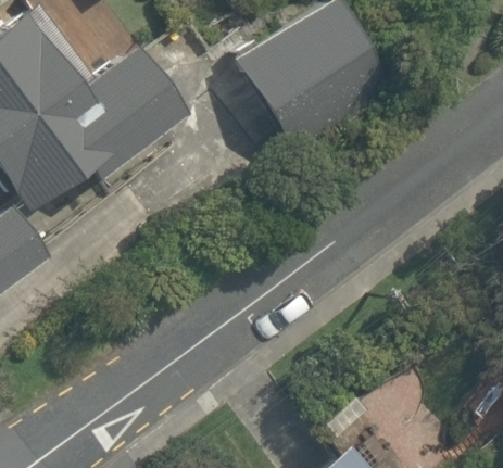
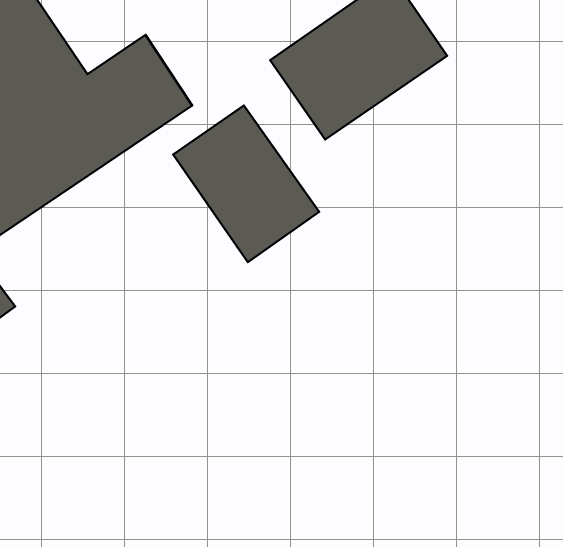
building: none -> [173,105,319,262]

